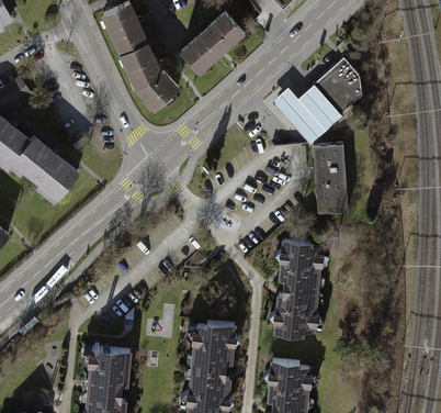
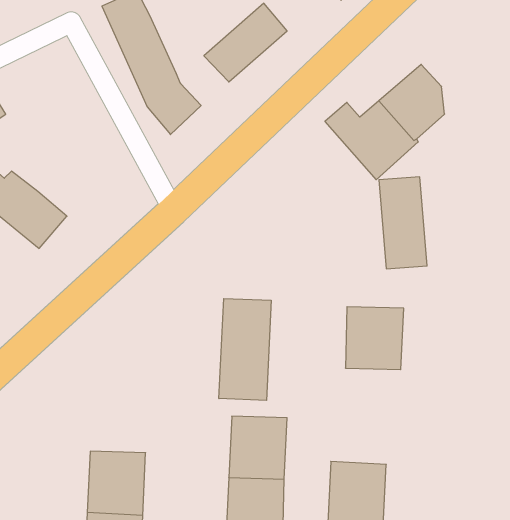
building: none -> [219,299,271,400]
building: [282,287,326,335] -> none

